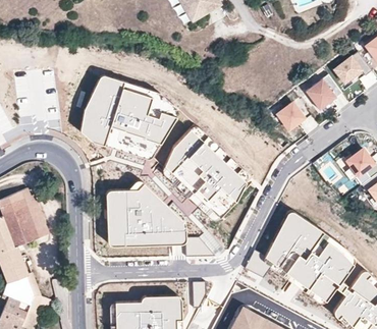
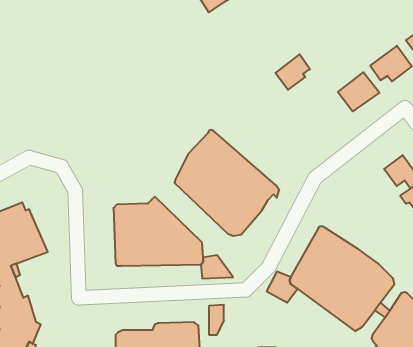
building: [82,75,178,158] -> none
building: [277,97,308,128] -> [275,54,310,90]

